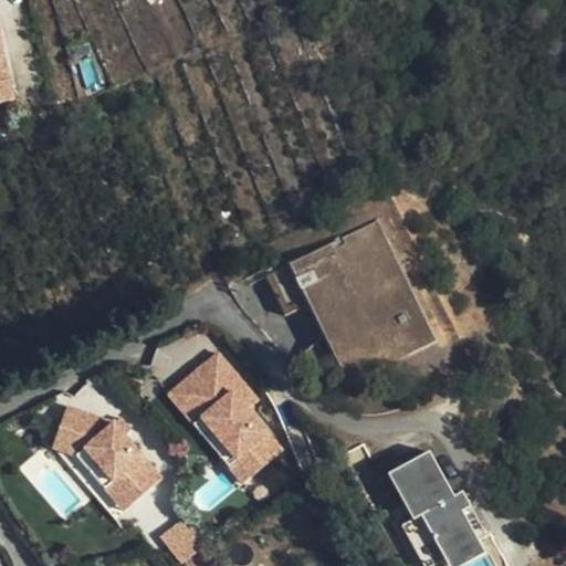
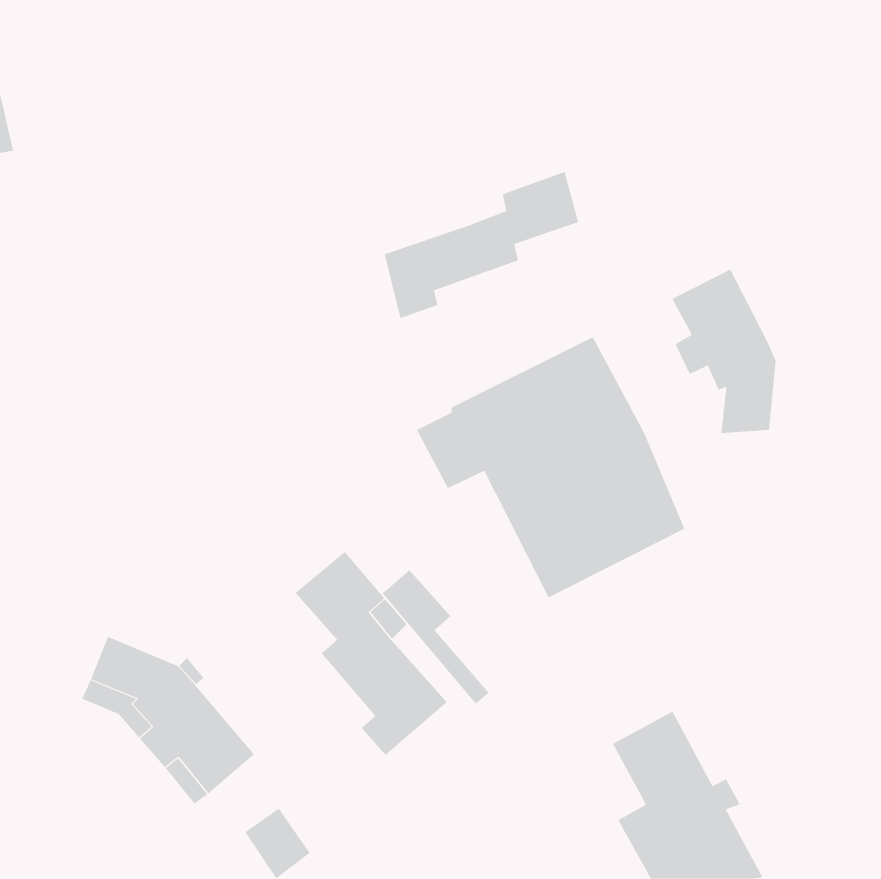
building: none -> [384,171,579,319]
building: none -> [671,269,776,434]
building: [170,378,239,464] -> [382,569,489,705]

